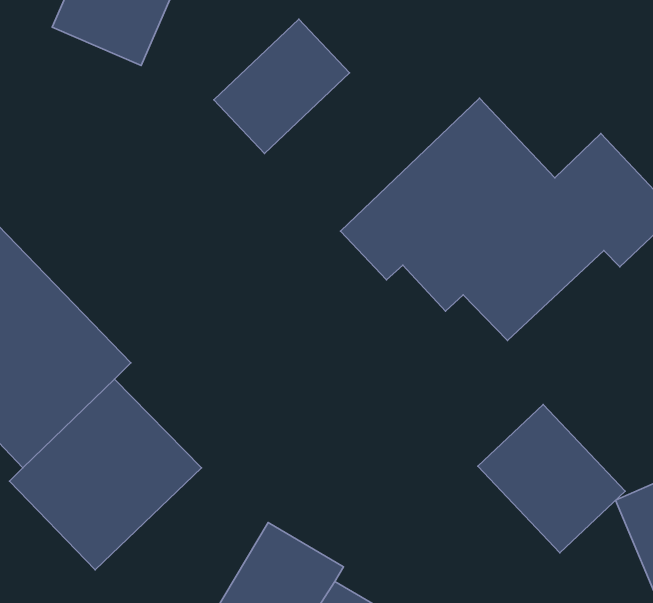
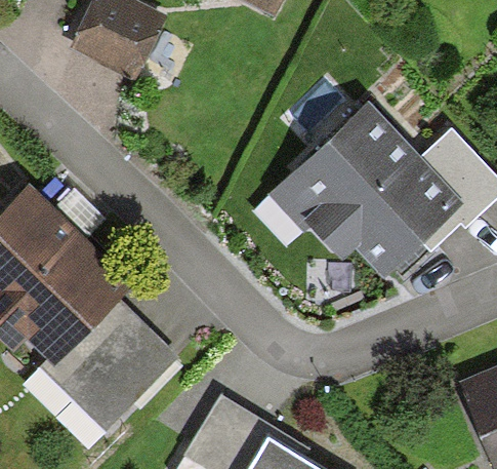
building: [214,19,349,153] -> none
building: [478,404,625,553] -> none

